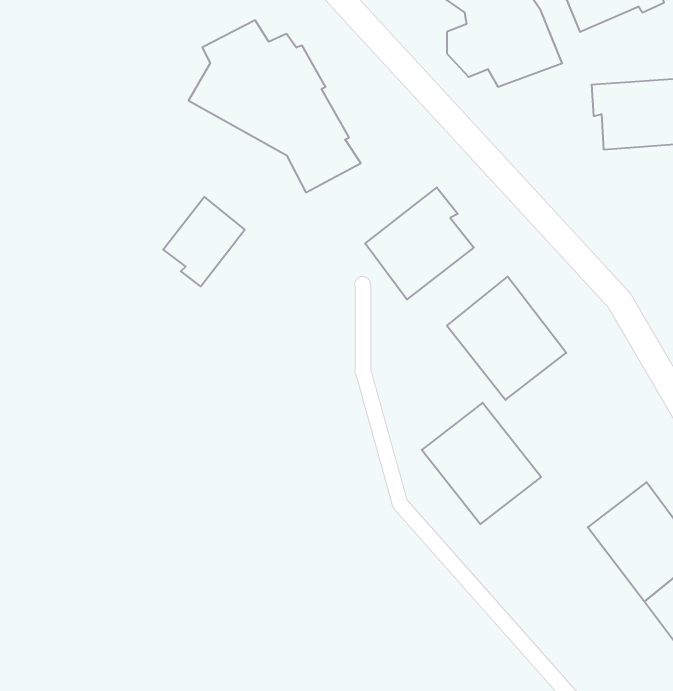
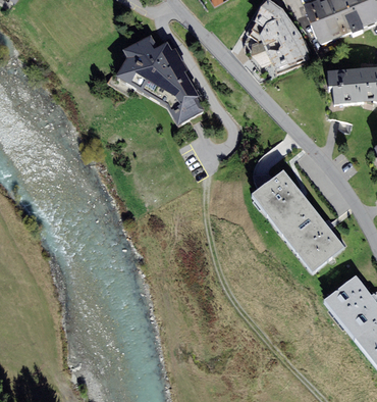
building: [365,187,474,299] -> none
building: [163,197,245,286] -> none
building: [422,403,541,524] -> [281,210,343,273]

